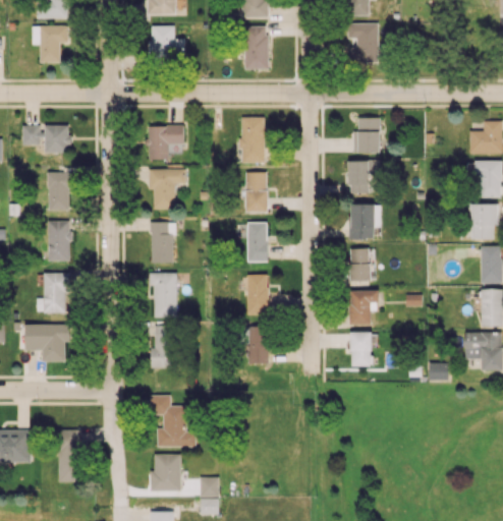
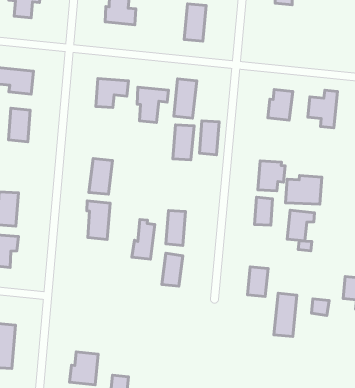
building: [347,23,378,62] -> none
building: none -> [308,90,337,128]
building: [348,160,379,193] -> none
building: [148,169,184,209] -> [137,87,168,122]
building: none -> [285,176,322,204]
building: [47,221,71,260] -> none
building: [246,222,268,262] -> [200,121,219,155]
building: [349,290,379,325] -> [287,210,315,241]
building: [150,322,173,367] -> [132,219,155,259]
building: none -> [274,293,297,337]
building: [150,395,194,447] -> none

